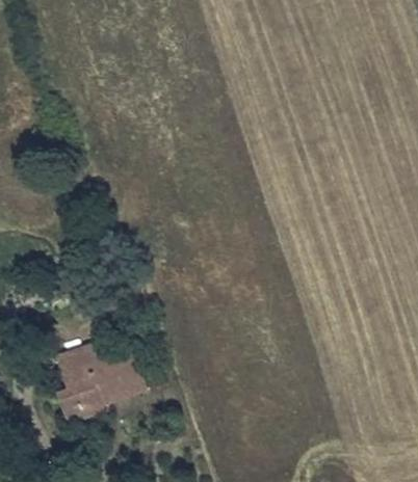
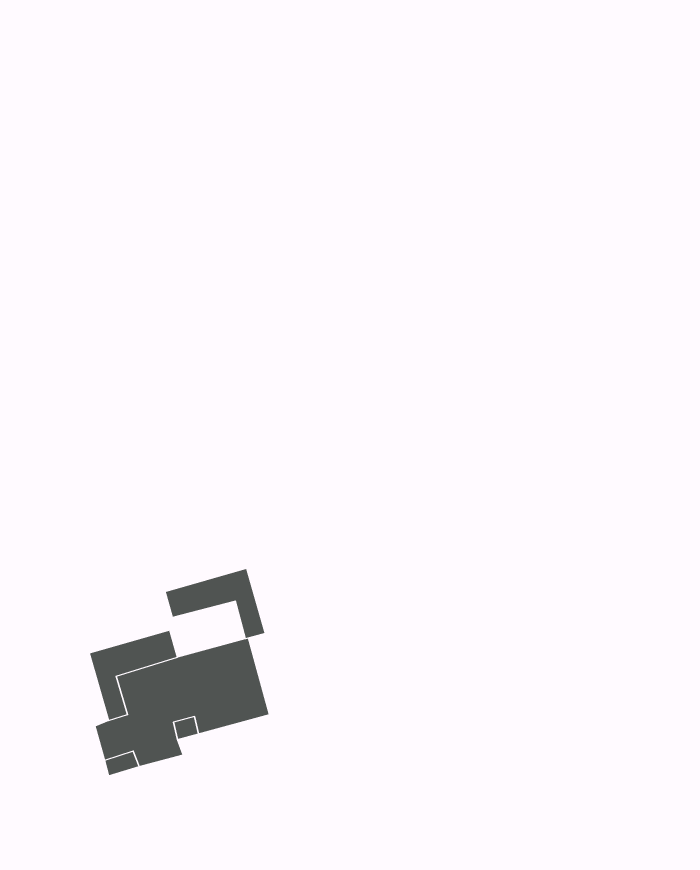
building: none -> [165,568,265,639]

